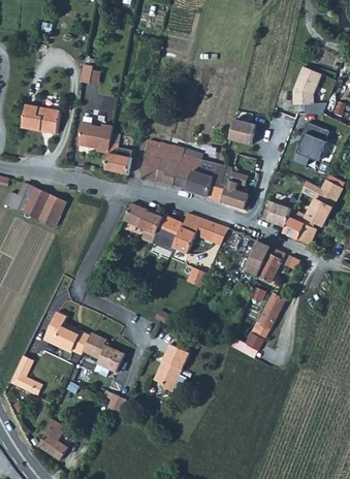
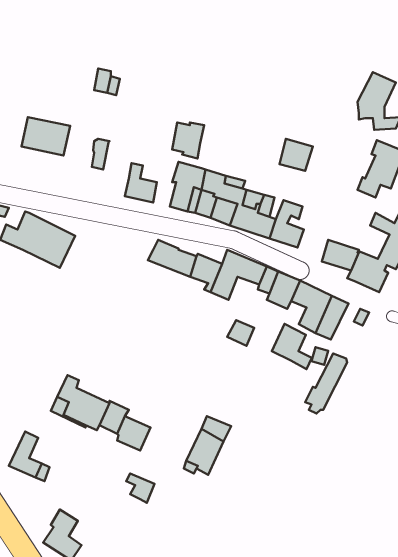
building: [86,124,112,153] -> [172,123,204,158]
building: none -> [272,324,312,369]

